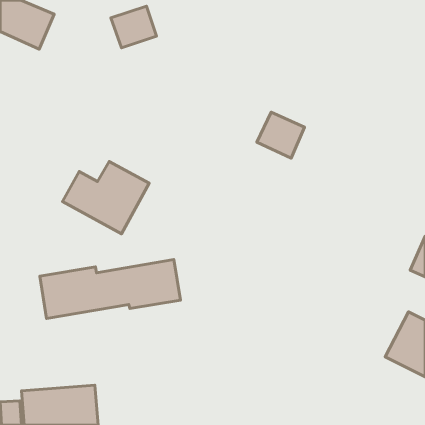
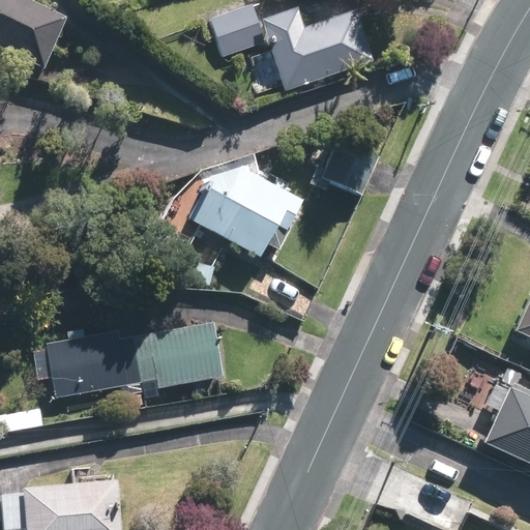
building: [111,6,157,48] -> [207,6,264,58]
building: none -> [265,12,374,88]
building: [63,161,149,234] -> [187,167,295,257]

